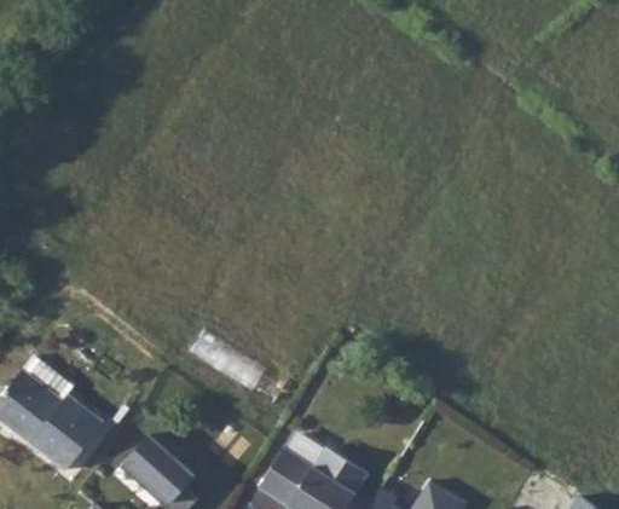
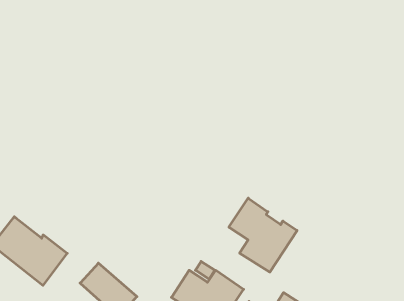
building: none -> [229,198,297,272]

